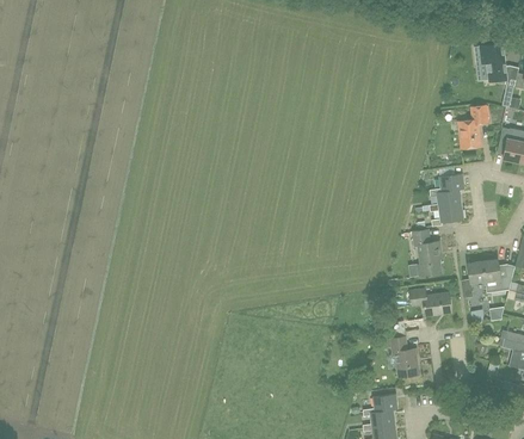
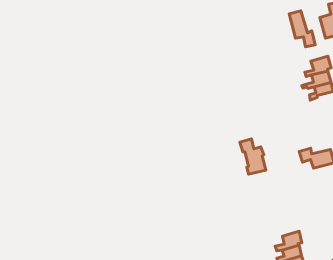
building: none -> [289,11,315,47]
building: [413,228,442,273] -> [240,139,266,174]
building: [390,335,419,376] -> none

